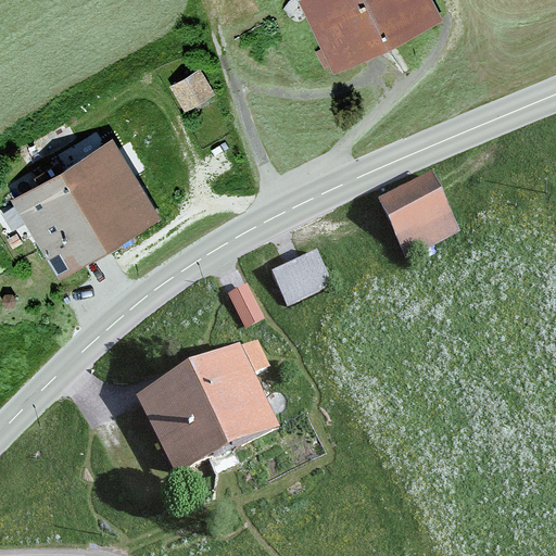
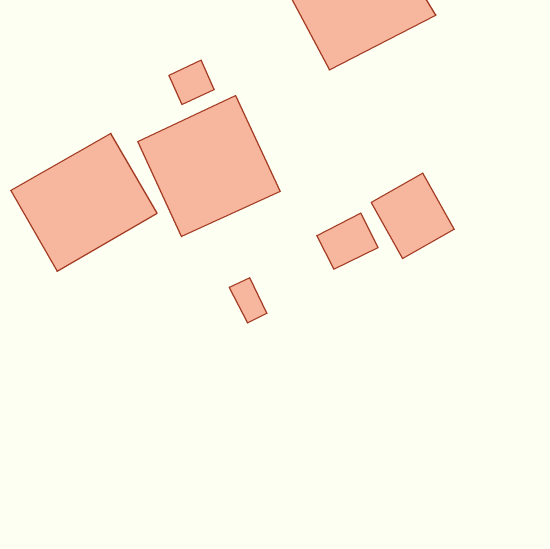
building: none -> [138,96,280,237]
building: [267,253,329,309] -> [317,213,378,269]
building: [138,346,280,478] -> none

